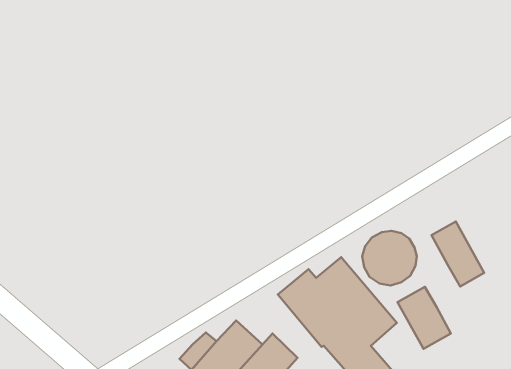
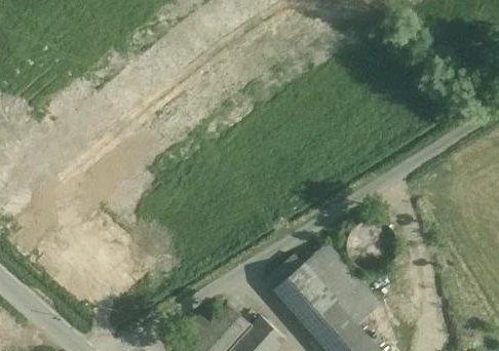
building: [431,222,484,286] -> none
building: [397,287,451,349] -> none

